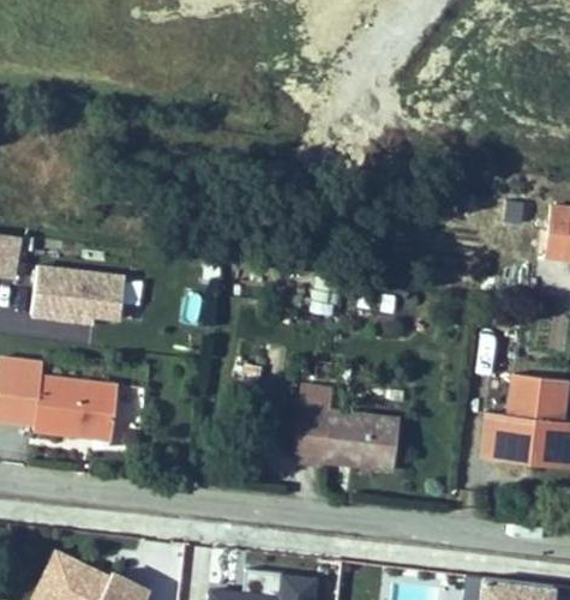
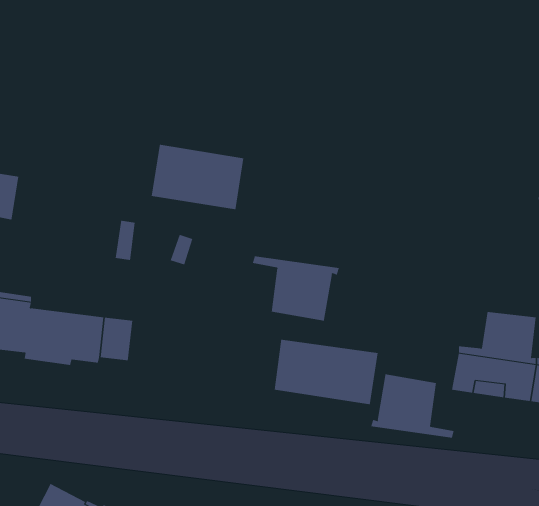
building: [31,262,128,330] -> [151,144,244,210]
building: none -> [252,256,339,322]
building: none -> [371,374,454,438]

